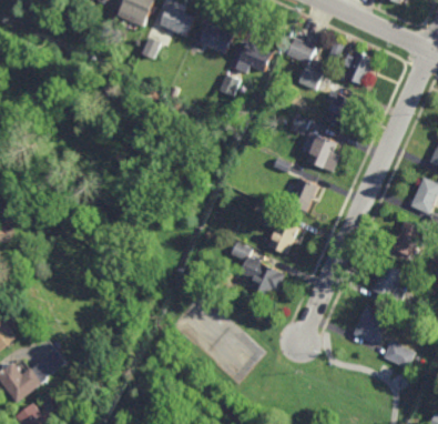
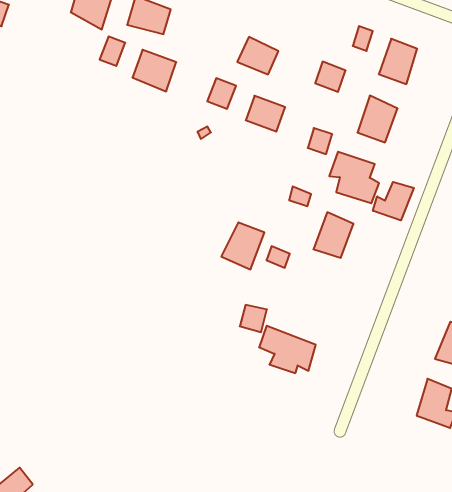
building: [200,23,233,55] -> [132,50,176,91]
building: [285,36,315,63] -> [246,96,285,132]
building: none -> [373,182,414,220]
building: [267,221,301,256] -> [221,222,264,269]

